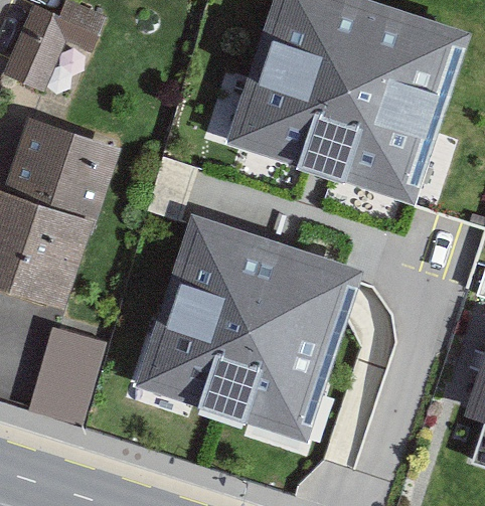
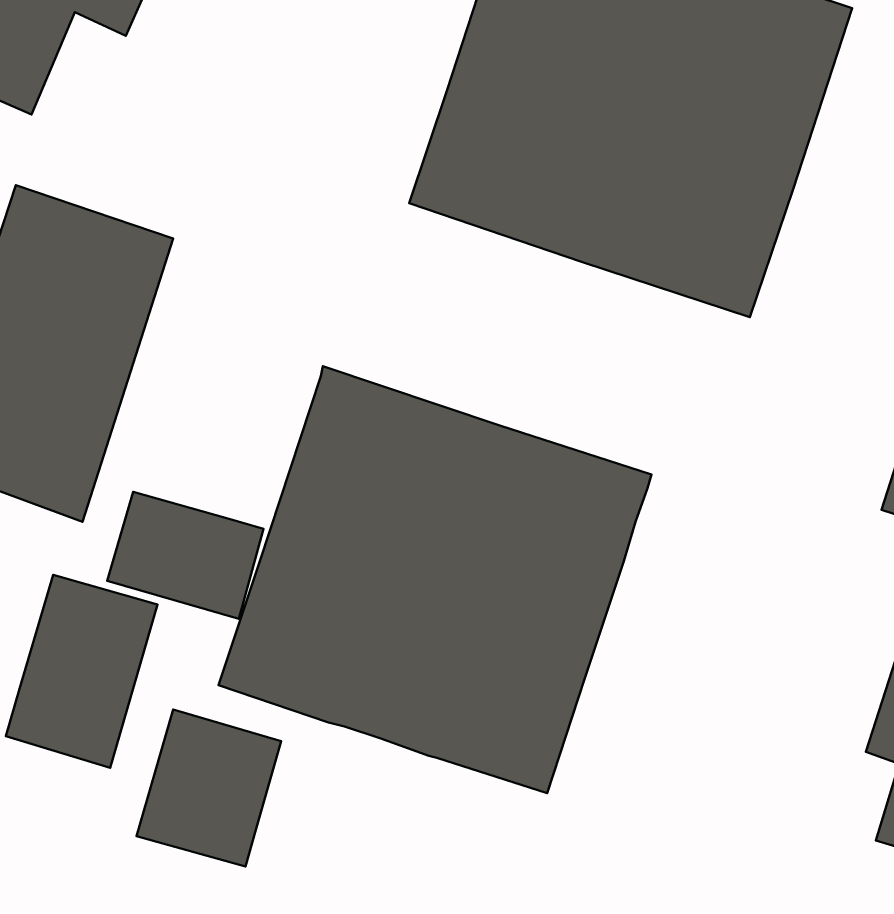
building: none -> [107,492,264,619]
building: none -> [137,709,281,866]

